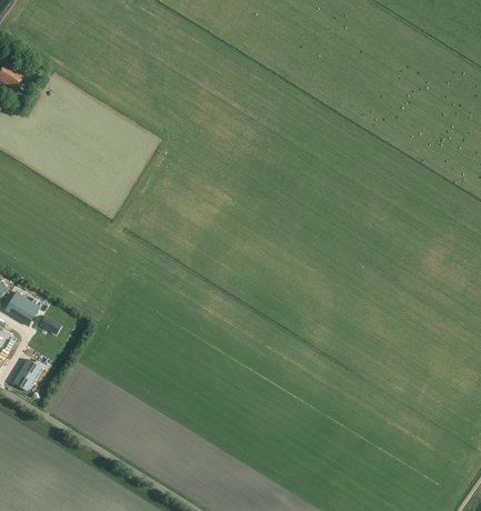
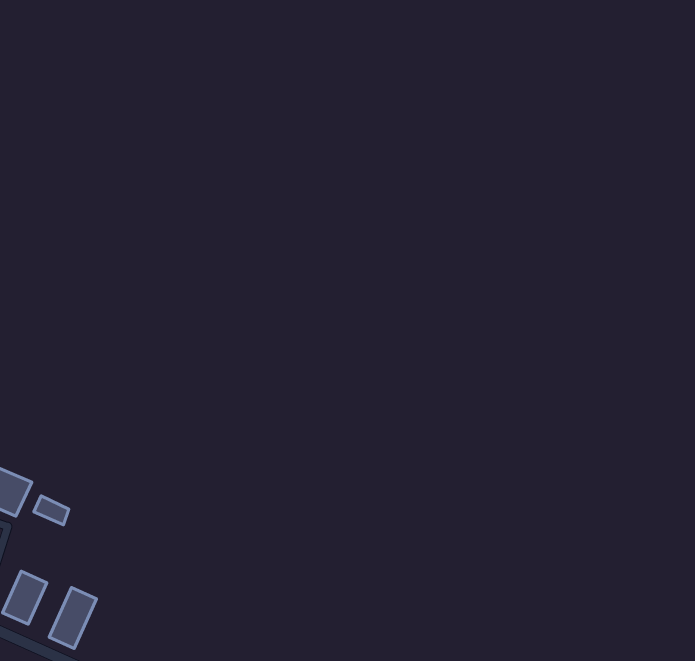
building: none -> [49,588,97,648]

